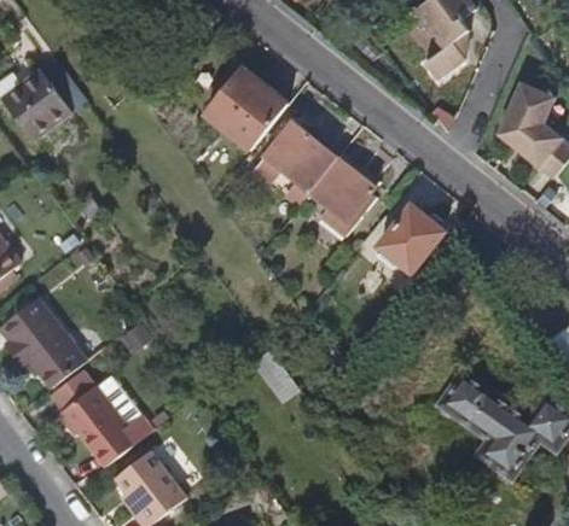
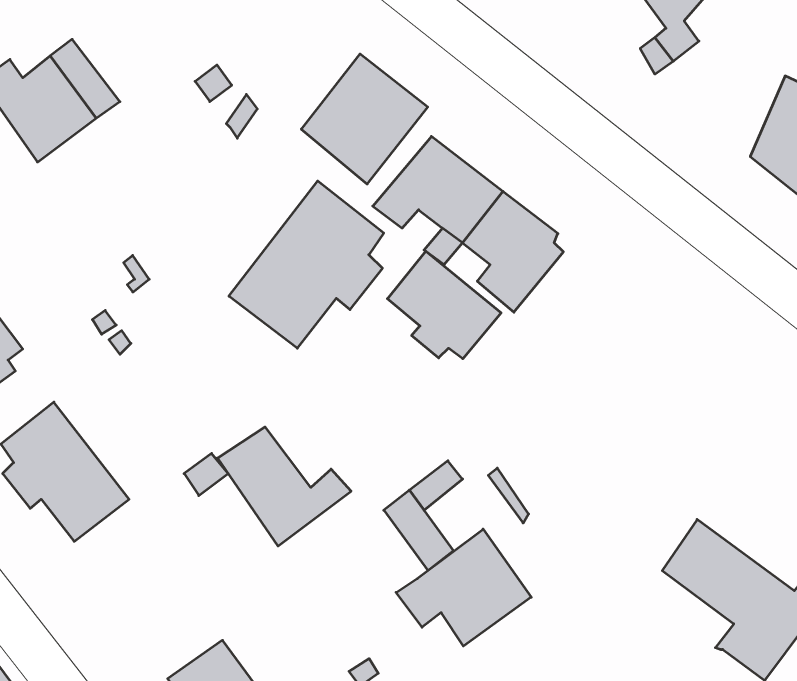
building: none -> [229,181,384,348]
building: none -> [387,251,501,359]
building: [379,206,443,274] -> none
building: none -> [396,529,531,646]
building: [64,386,152,464] -> [217,427,351,546]

